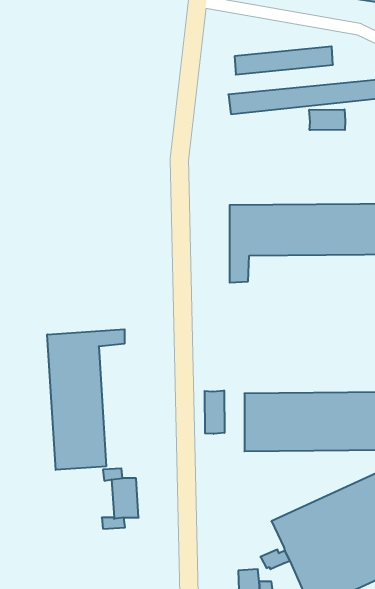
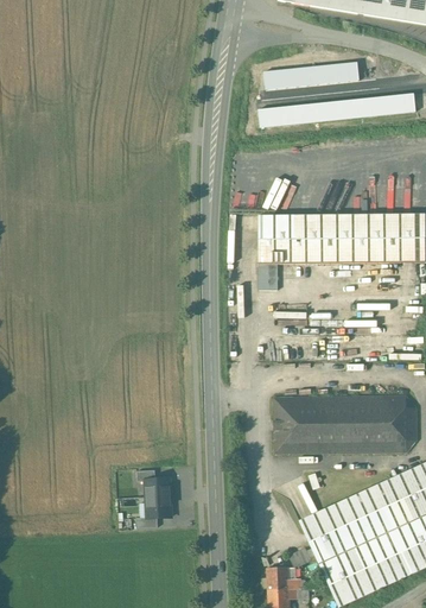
building: [309,109,345,130] -> none
building: [47,329,125,470] -> none
building: [205,390,224,434] -> none

